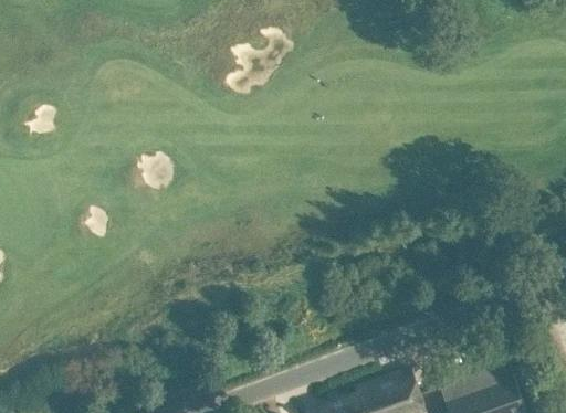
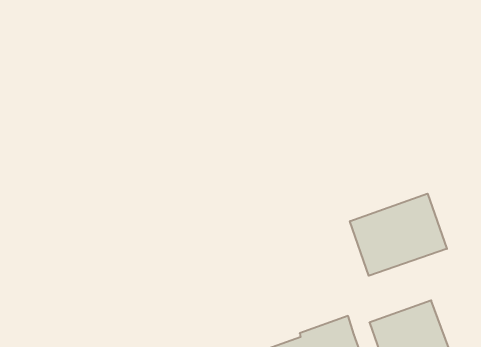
building: none -> [350,194,447,276]

